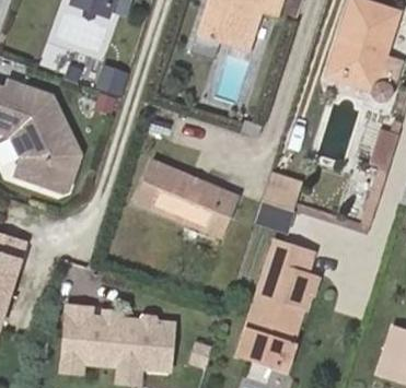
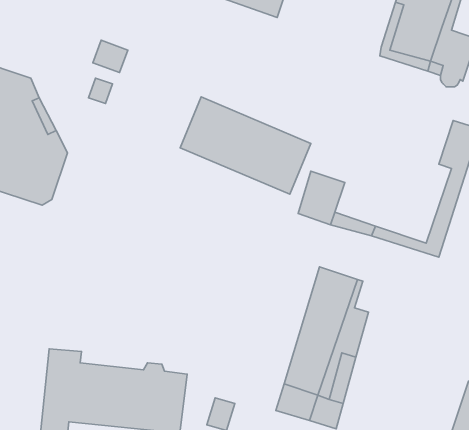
building: [134,161,235,236] -> [180,97,311,194]

